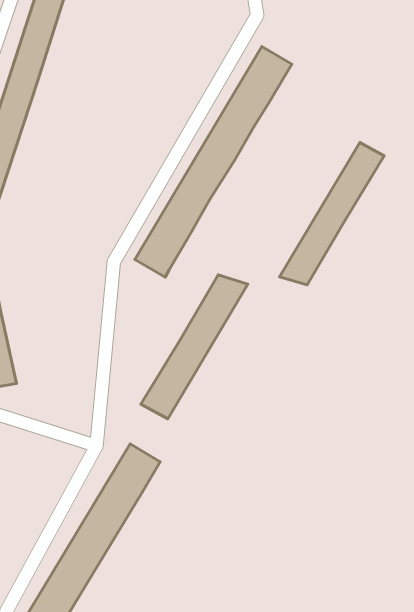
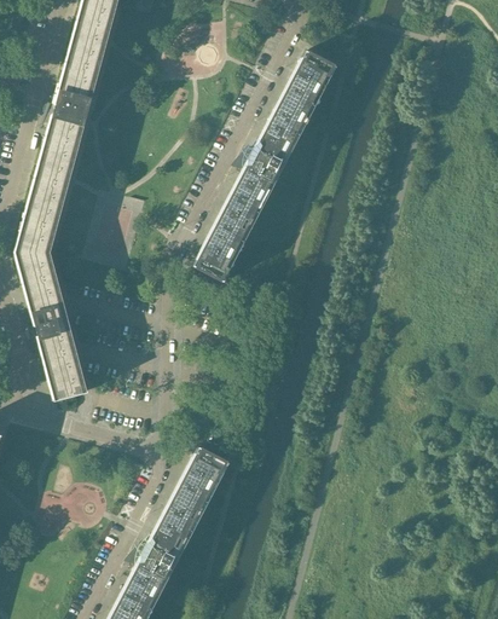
building: [280,142,384,285] -> none
building: [141,275,248,419] -> none

